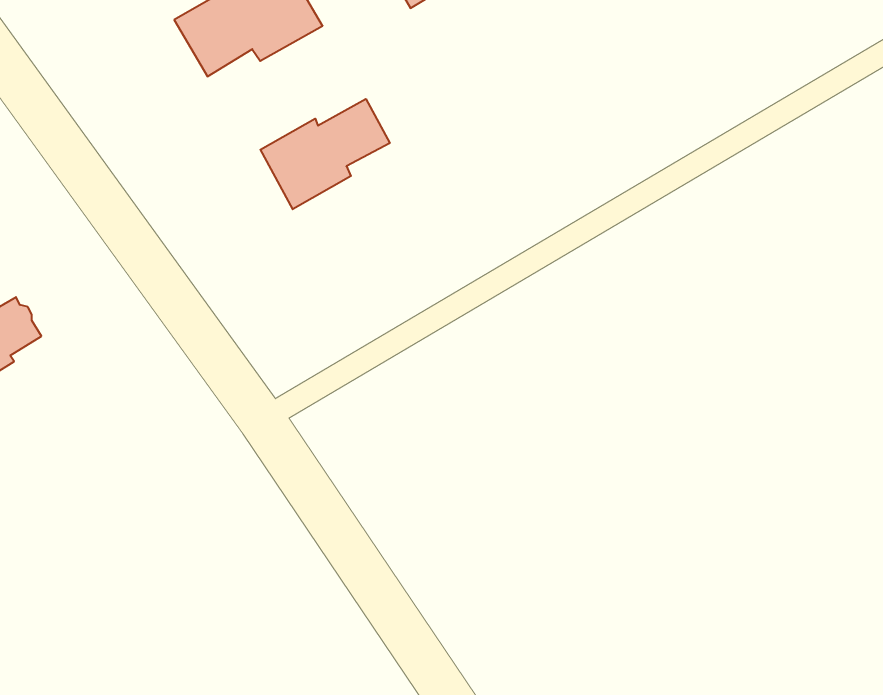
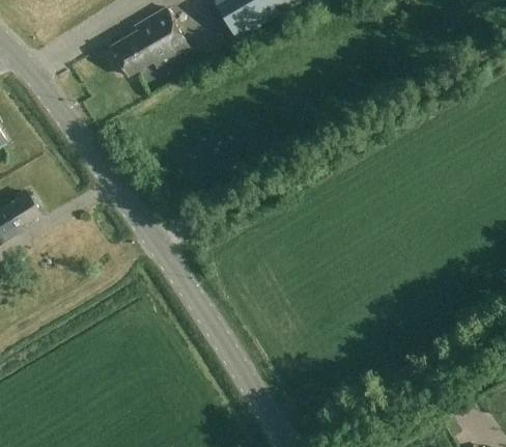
building: [260,99,390,209] -> none

